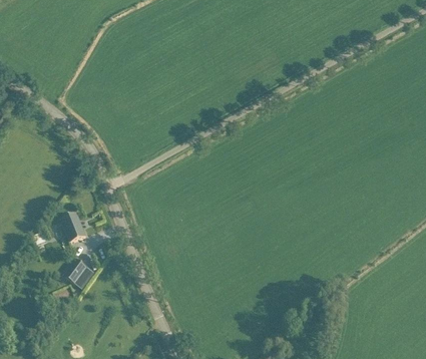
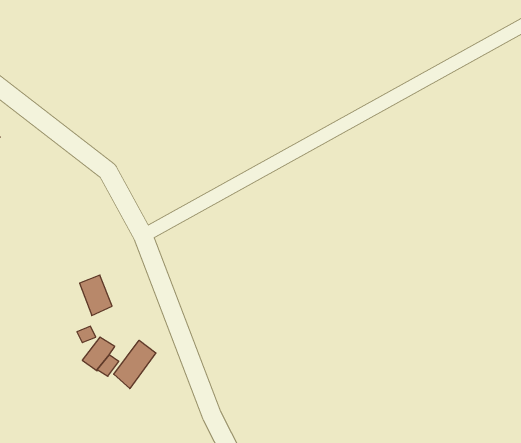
building: none -> [114,340,156,389]

